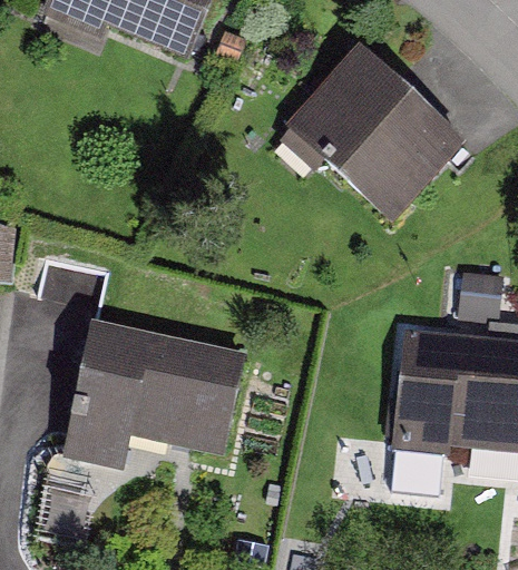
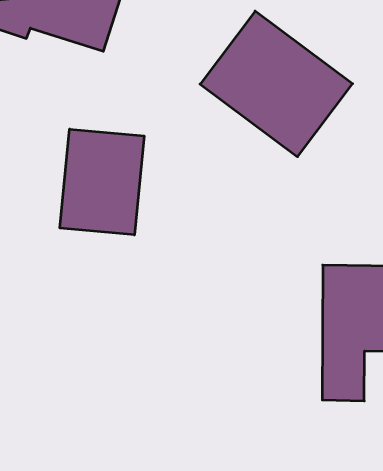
building: none -> [60,129,144,235]
building: [65,321,243,461] -> none

